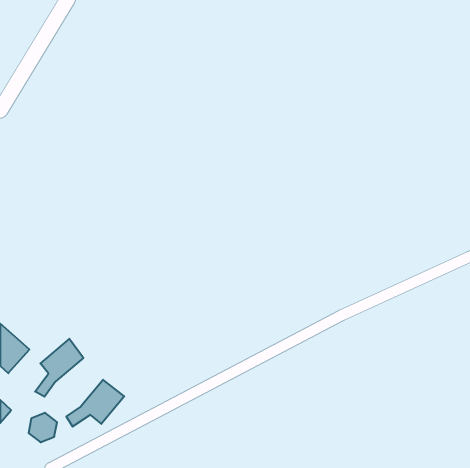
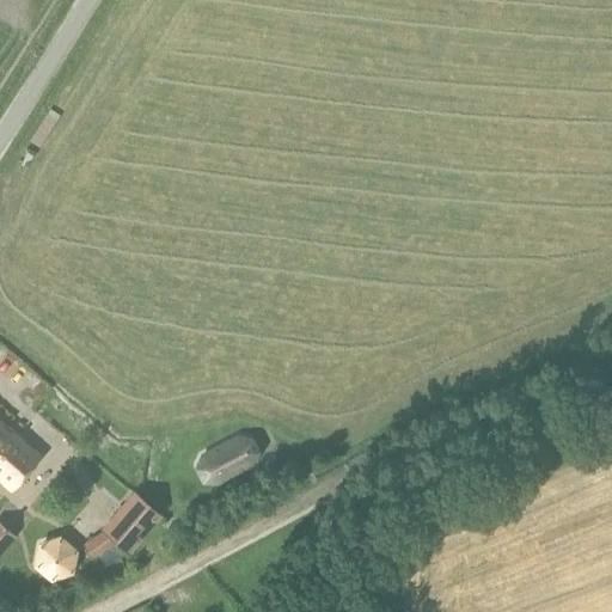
building: none -> [197,435,257,479]
building: [35,339,83,397] -> none

